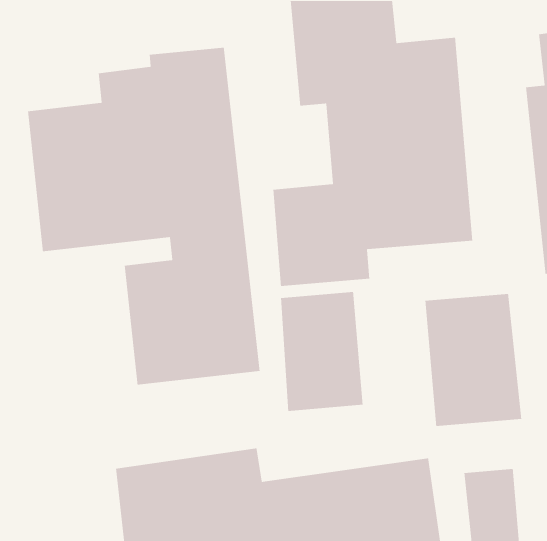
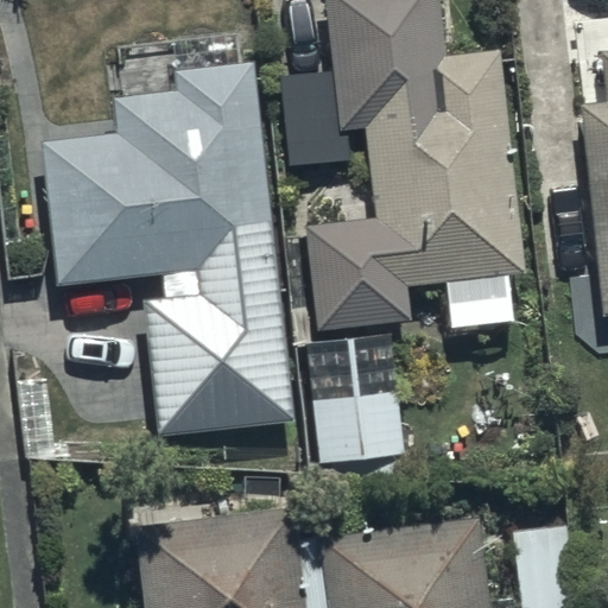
building: [425,293,522,427] -> none

